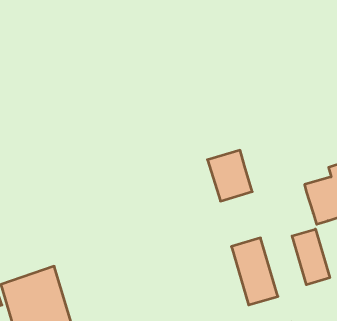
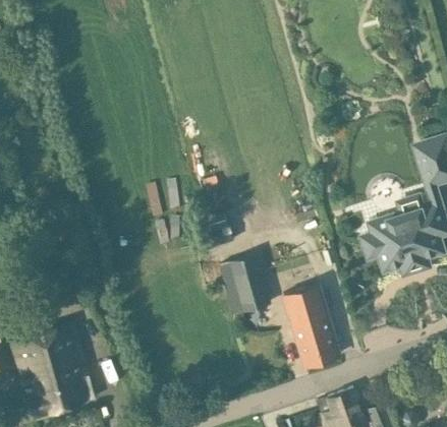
building: [207,150,252,201] -> [215,256,268,316]
building: [292,229,330,285] -> none

